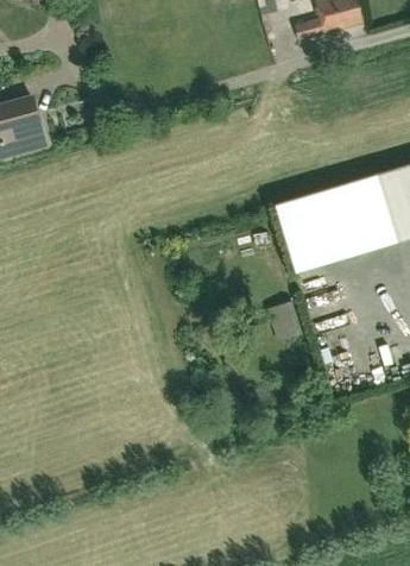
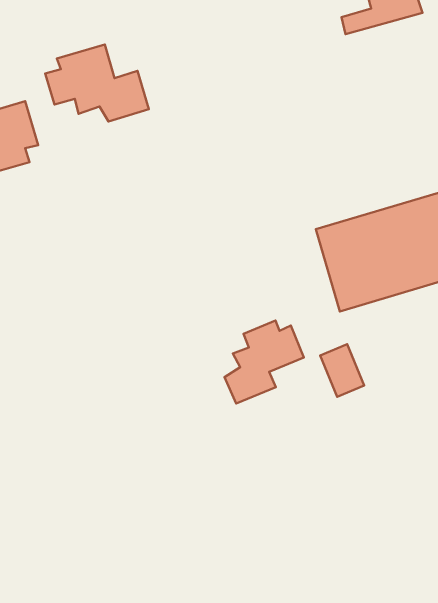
building: none -> [45,45,149,122]
building: none -> [224,320,304,404]

